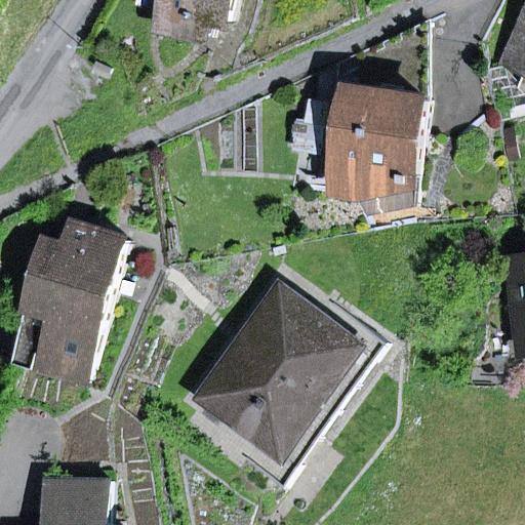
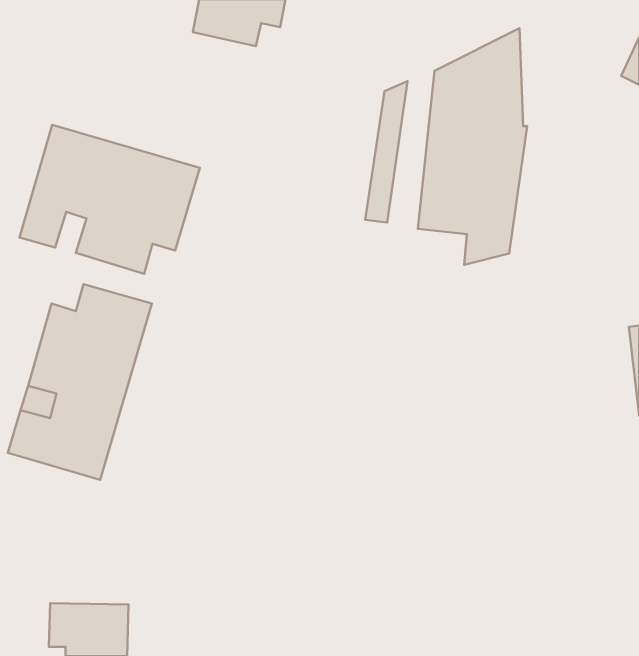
building: none -> [19,125,200,274]
building: [193,287,368,467] -> none

